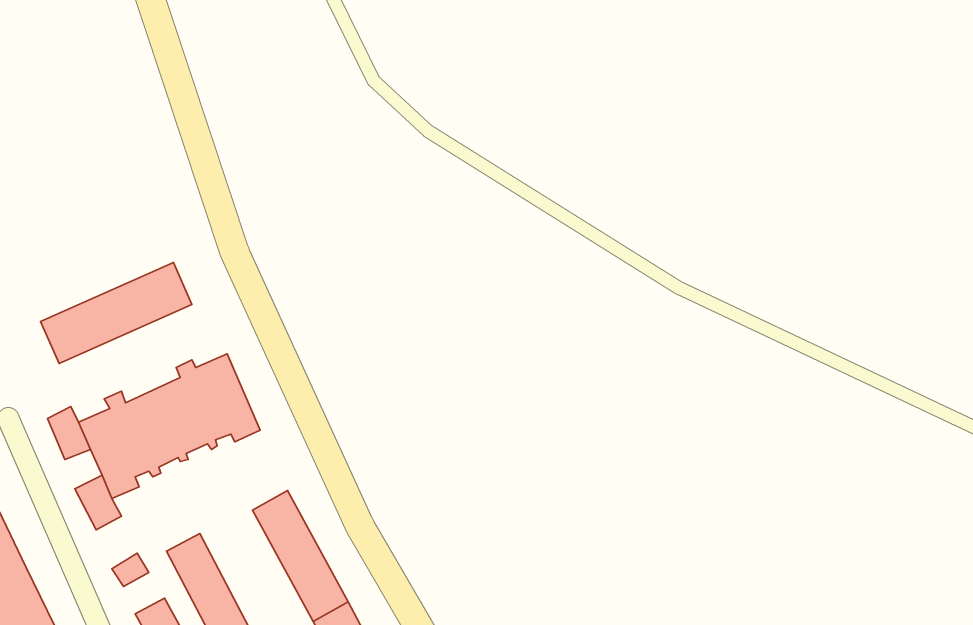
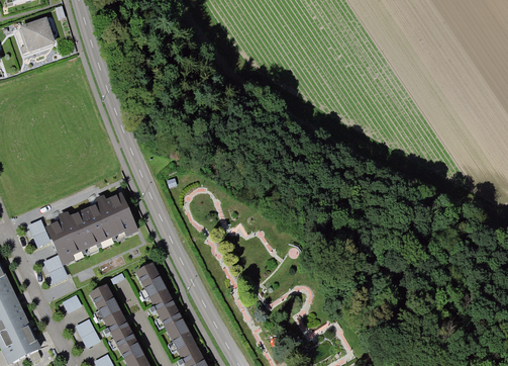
building: none -> [13,17,56,56]
building: [41,263,192,363] -> none

